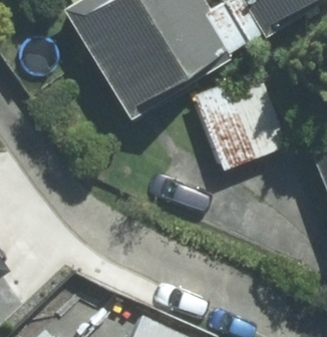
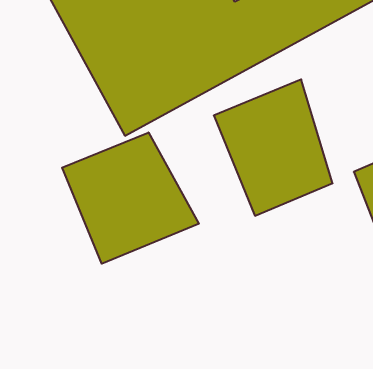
building: none -> [62,132,199,264]

